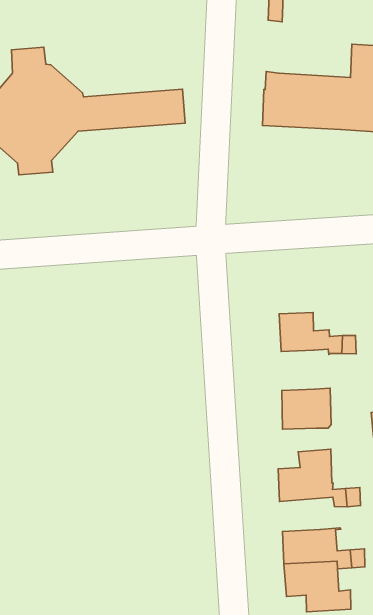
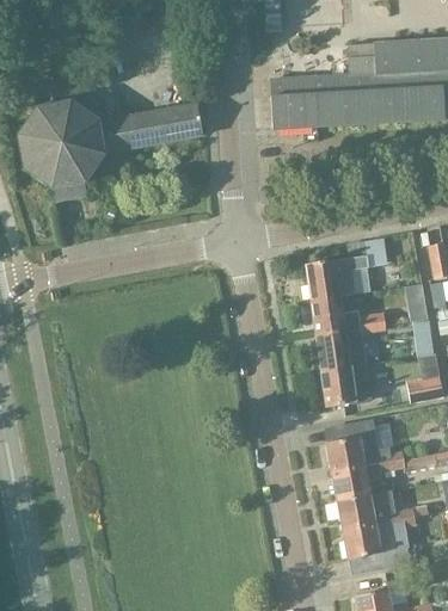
building: none -> [306,254,369,300]
building: none -> [317,327,366,370]
building: none -> [331,463,383,500]

